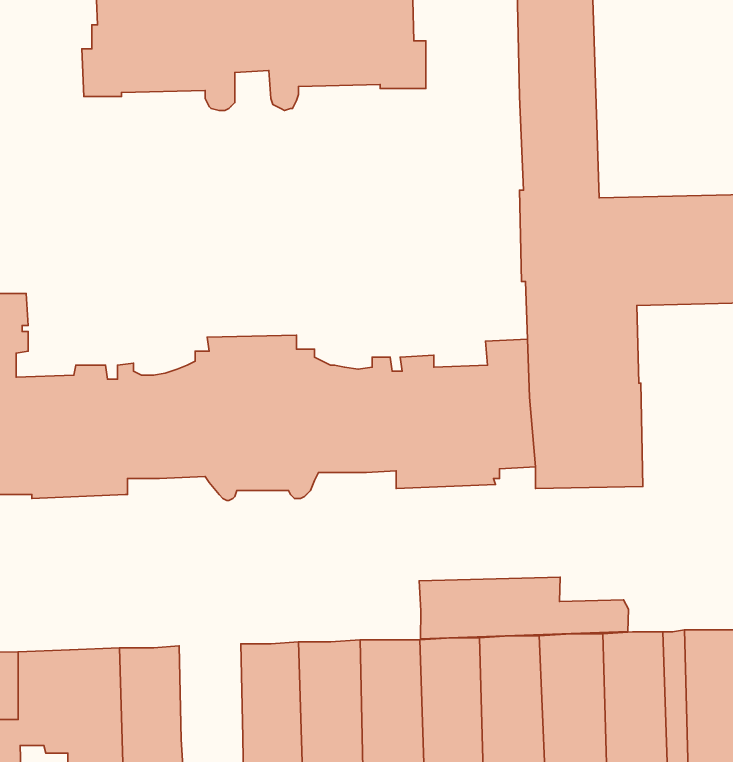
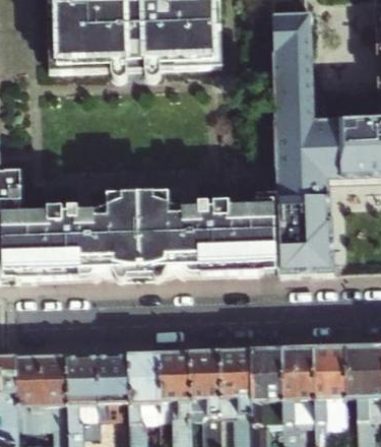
building: [419,577,628,639] -> none
building: none -> [98,352,130,400]

